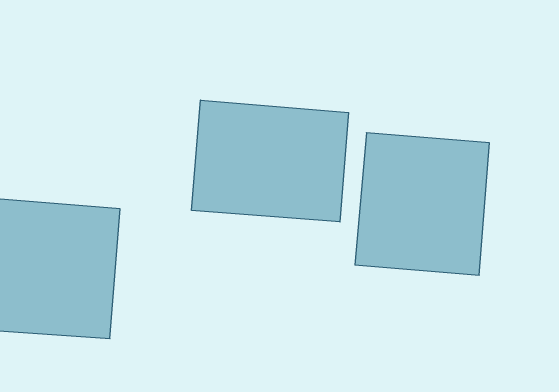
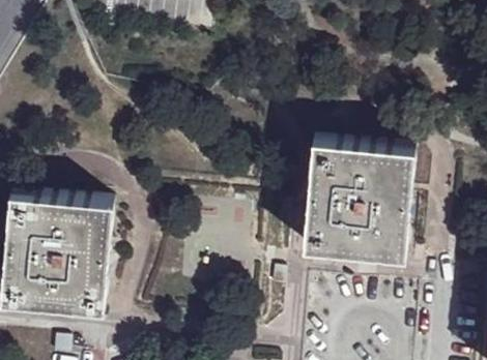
building: [192,100,349,222] -> none

